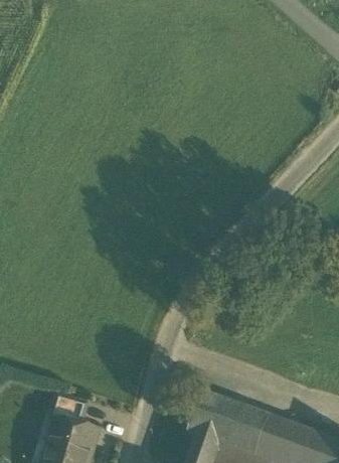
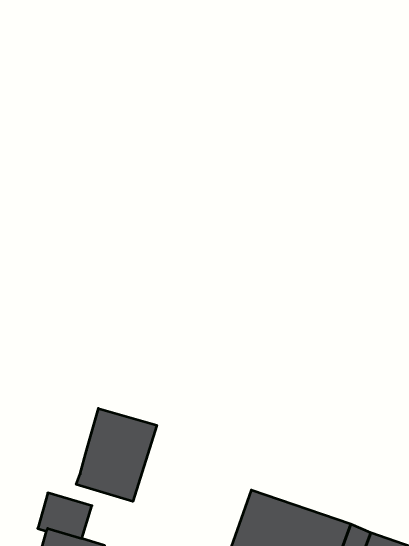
building: none -> [76,408,157,501]

